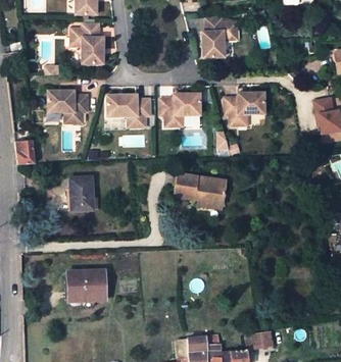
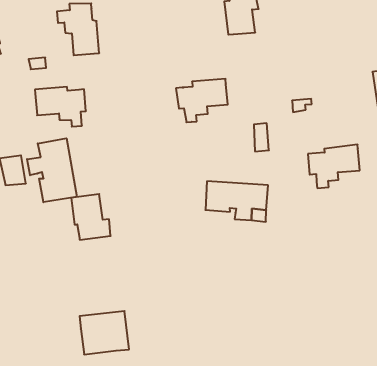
building: [224,93,263,124] -> [308,145,360,188]
building: [107,94,148,125] -> none
building: none -> [27,138,77,202]

